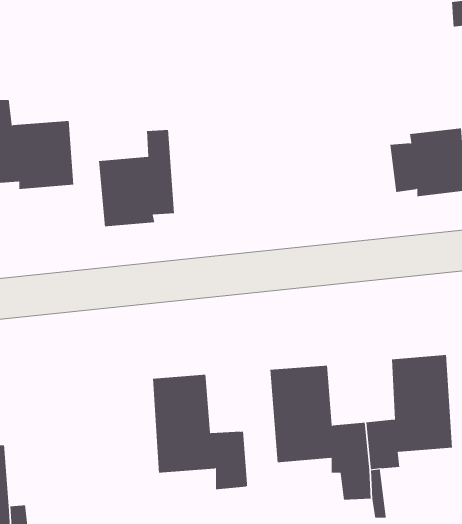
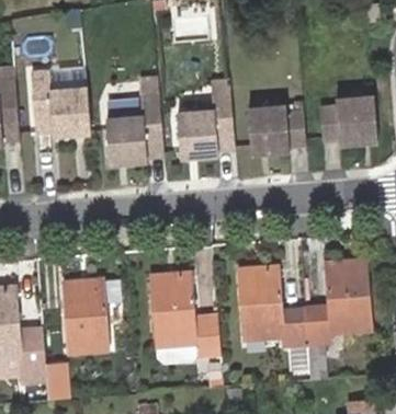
building: none -> [181,89,237,160]
building: none -> [251,103,308,154]
building: none -> [61,280,109,354]

